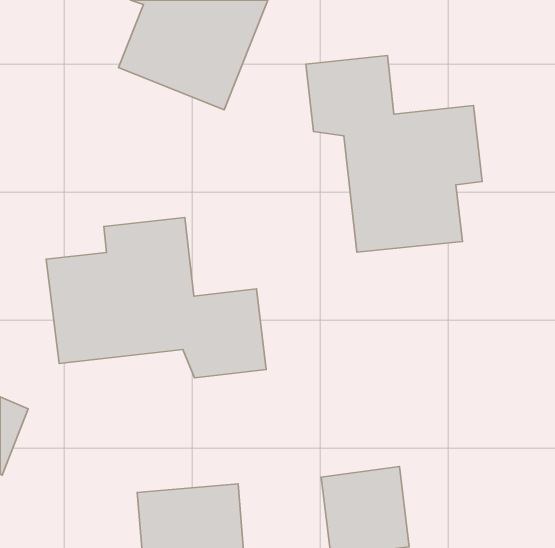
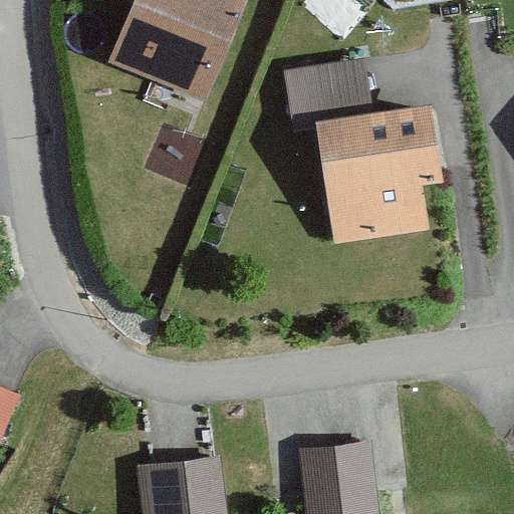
building: [46,218,266,378] -> none

